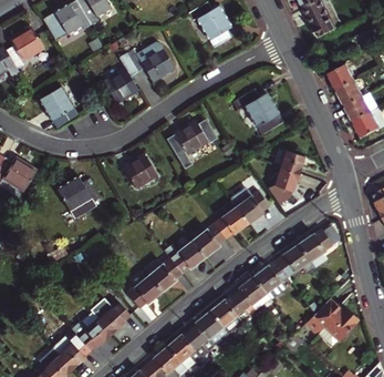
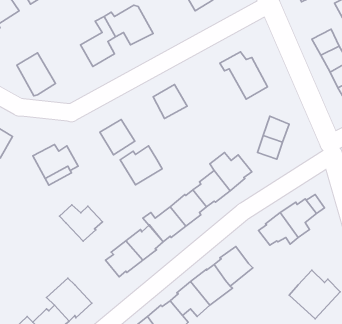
building: none -> [120,146,162,185]
building: [253,262,287,294] -> none
building: [90,297,132,333] -> [59,205,103,241]

